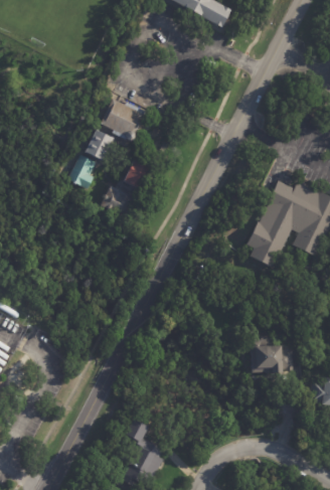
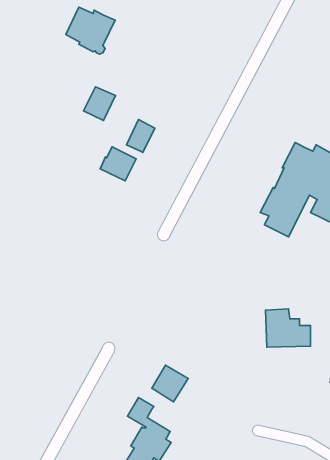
building: [101,101,146,144] -> [66,7,115,54]
building: [67,155,96,190] -> none
building: none -> [152,365,188,402]

